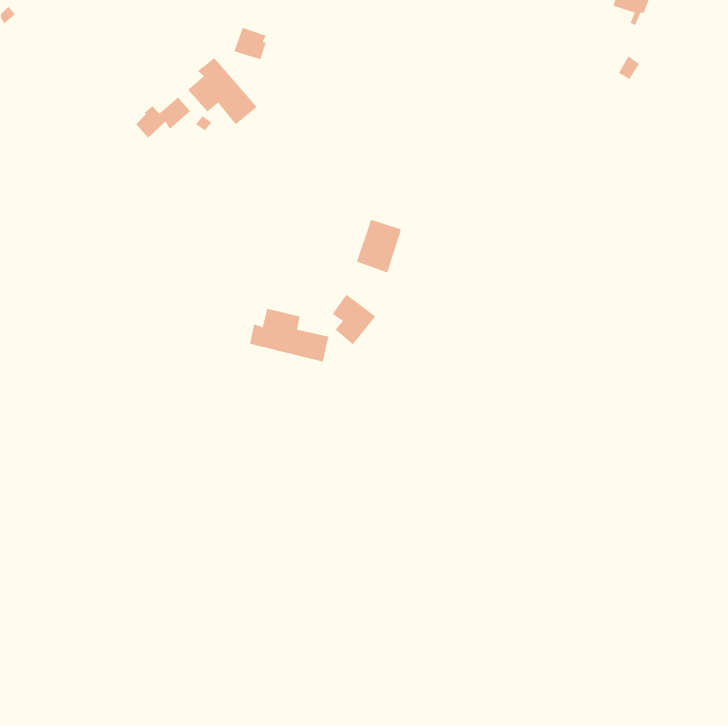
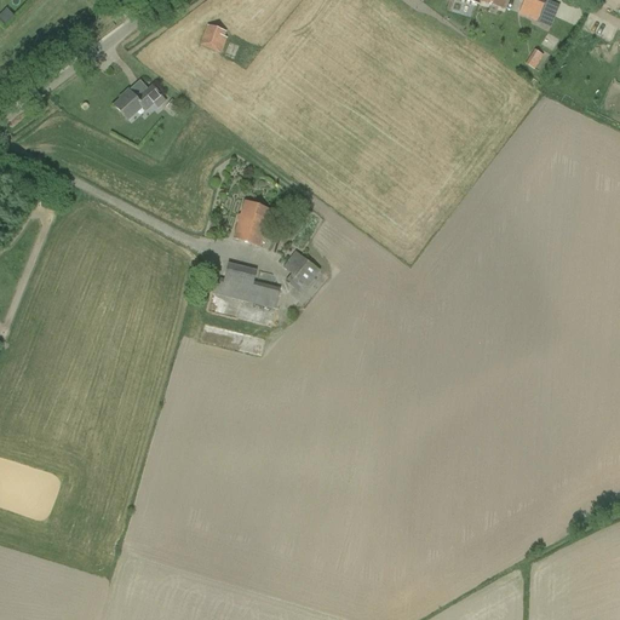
building: [187,57,258,125] -> none
building: [356,219,402,273] -> [232,200,271,246]

